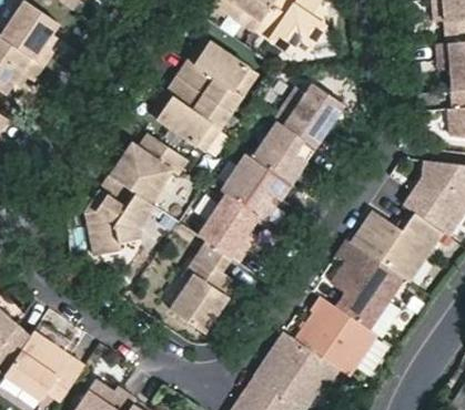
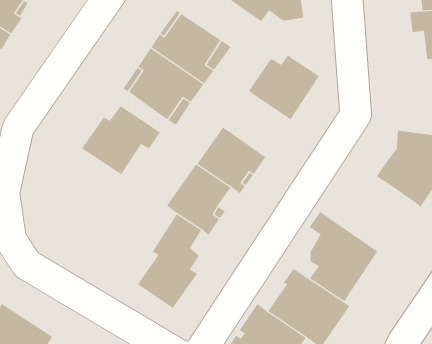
building: [255,124,317,186] -> none
building: [85,177,156,257] -> none
building: [351,211,439,279] -> none

